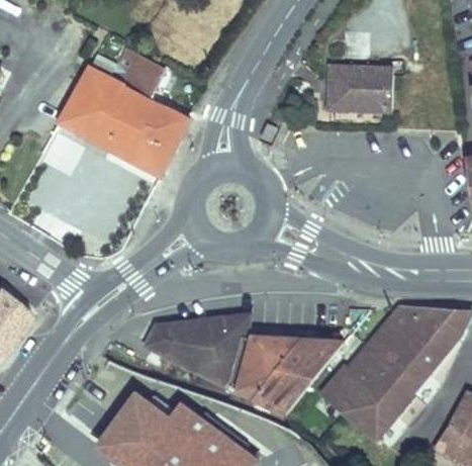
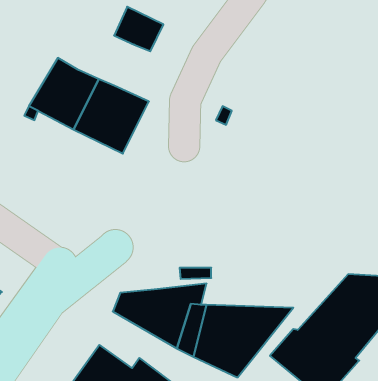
building: [110,51,164,99] -> [114,7,163,51]
building: [326,67,395,116] -> none

